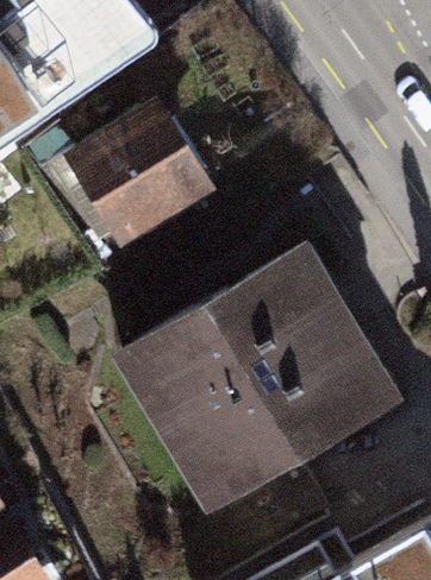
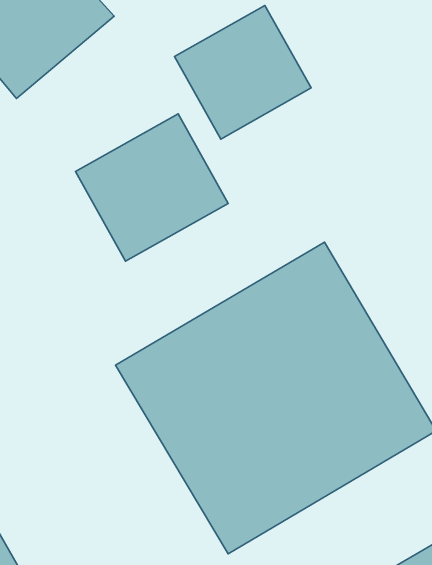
building: none -> [174,5,311,139]

